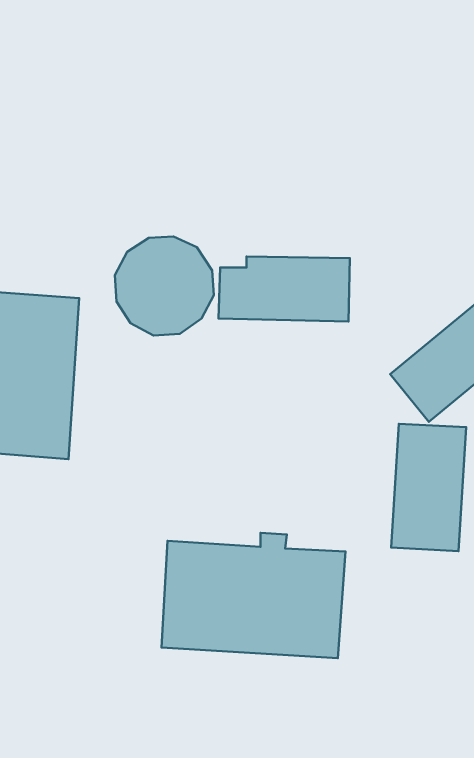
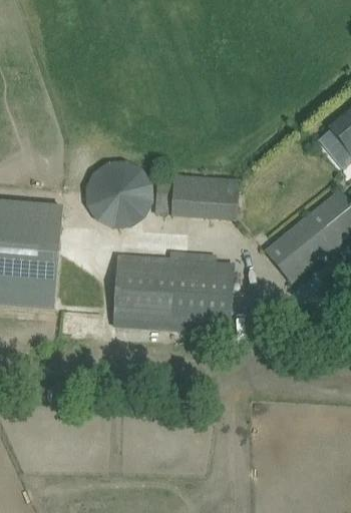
building: [391,424,466,551] -> none
building: [161,533,346,658] -> [113,251,233,333]

